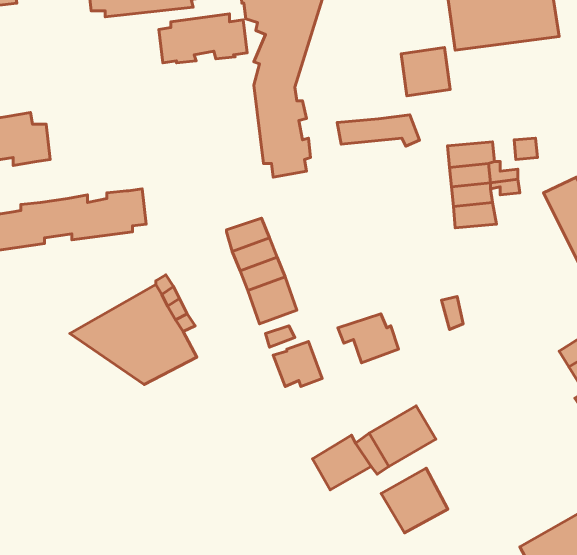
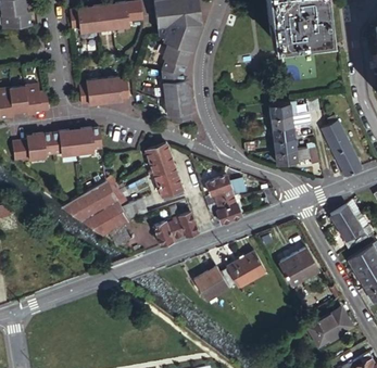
building: [159,14,247,63] -> [79,78,128,105]
building: [401,48,450,96] -> none
building: [337,115,420,146] -> [274,145,319,163]
building: none -> [206,176,242,205]
building: none -> [153,220,179,248]
building: [381,468,448,533] -> [278,240,315,276]

